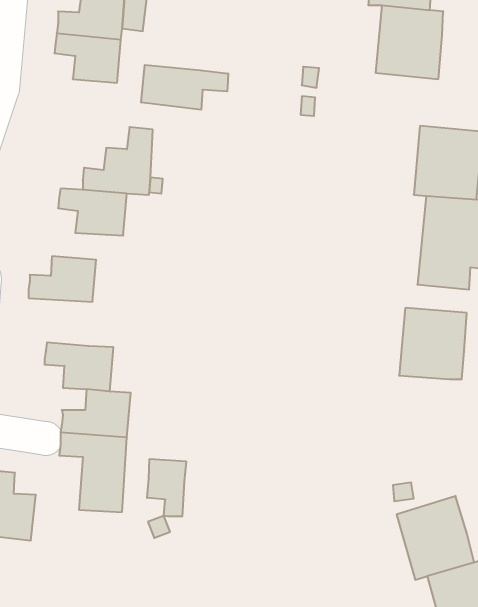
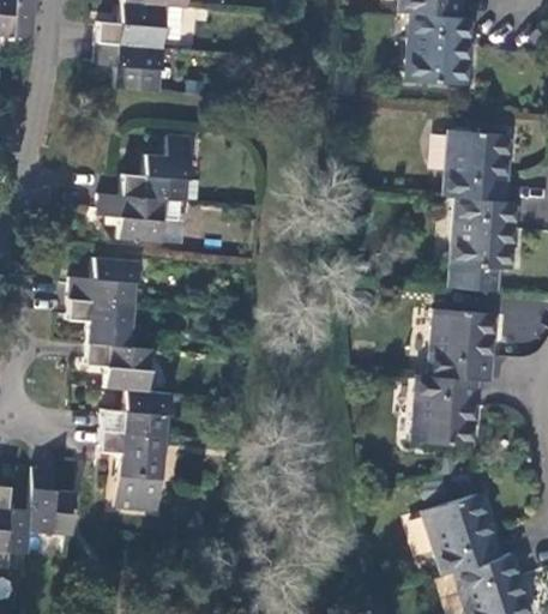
building: [141,65,228,110] -> none
building: none -> [65,299,130,345]
building: none -> [411,373,477,443]
building: [147,459,186,516] -> none

